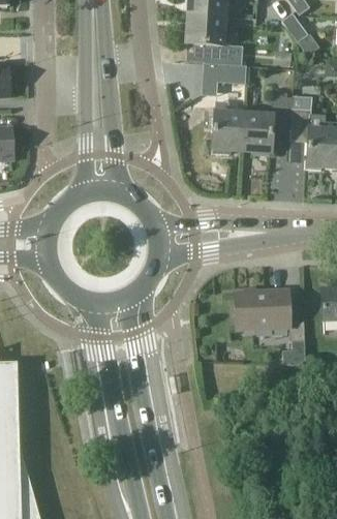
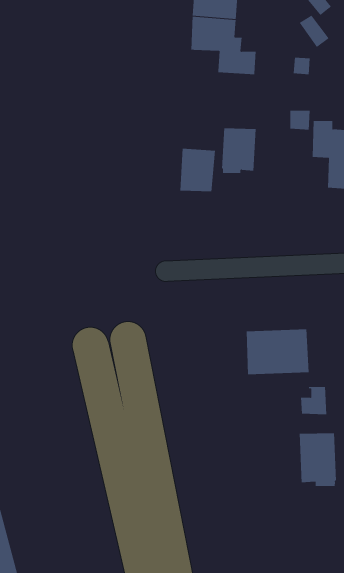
building: [204,64,246,83] -> none
building: [241,114,273,152] -> [179,148,216,192]
building: none -> [299,432,337,487]

